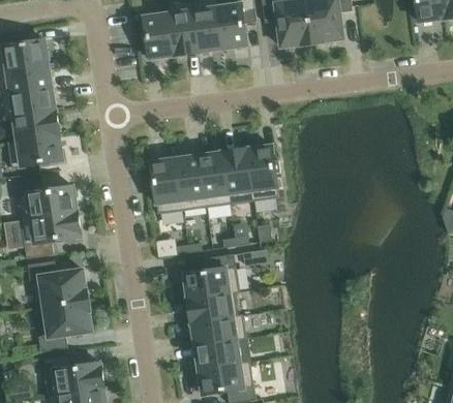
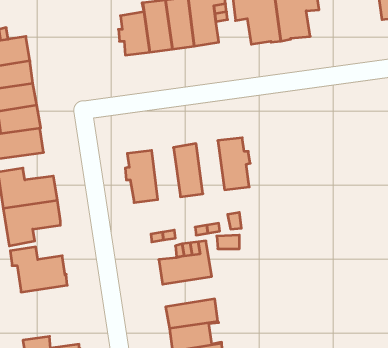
building: [223,149,253,205] -> none
building: [177,156,207,211] -> none
building: [187,291,243,323] -> none
building: [38,301,92,352] -> none

